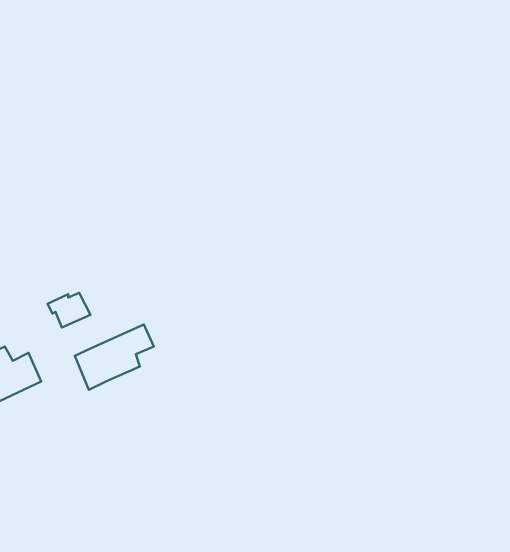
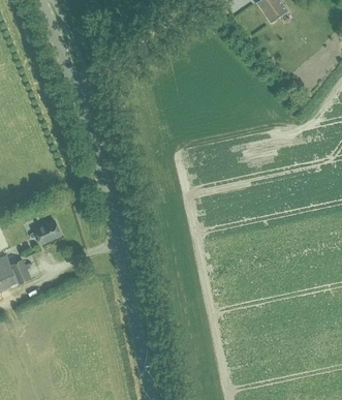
building: [75,325,154,390] -> none

